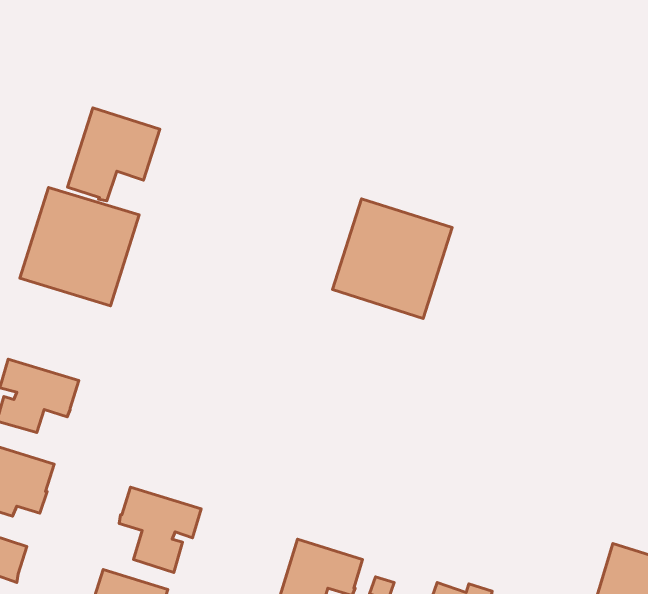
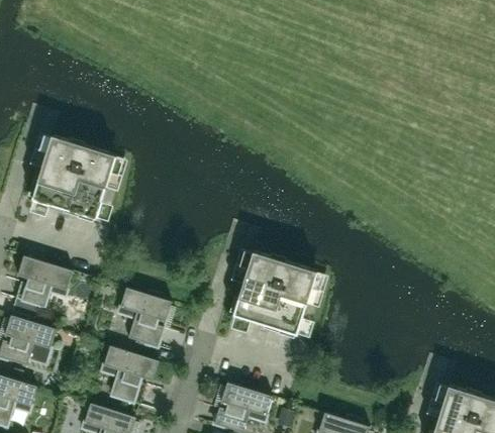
building: [68,108,160,201] -> none
building: [333,199,452,318] -> [233,251,317,335]
building: none -> [118,288,172,347]

